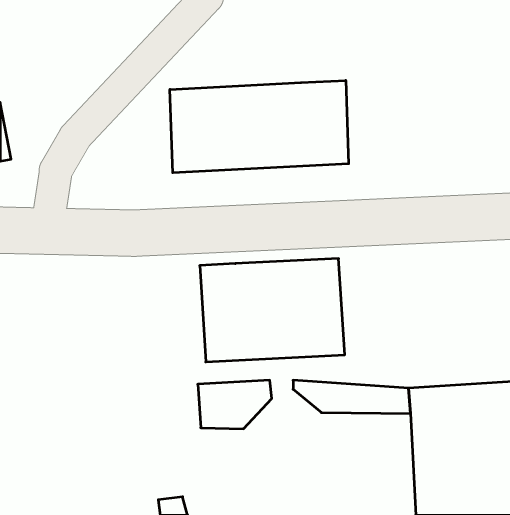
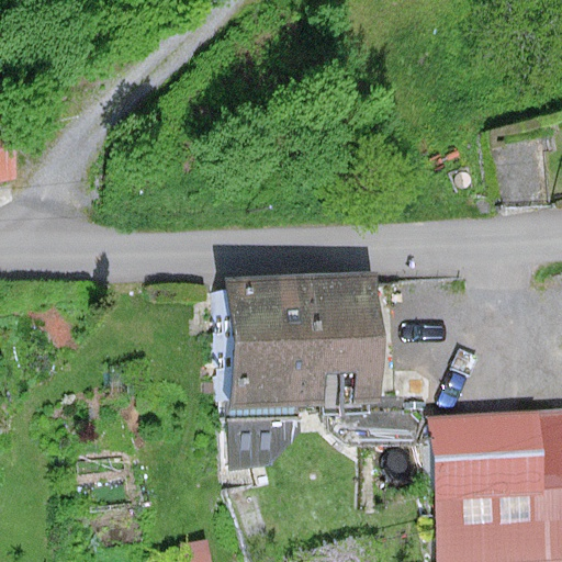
building: [170,80,349,173] -> none

